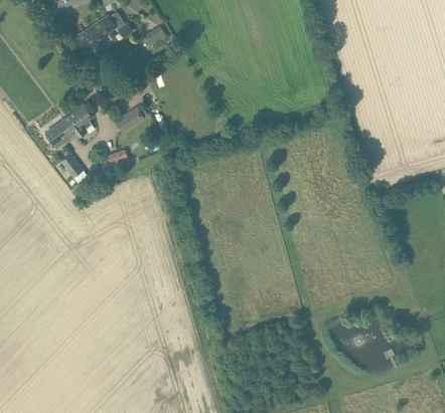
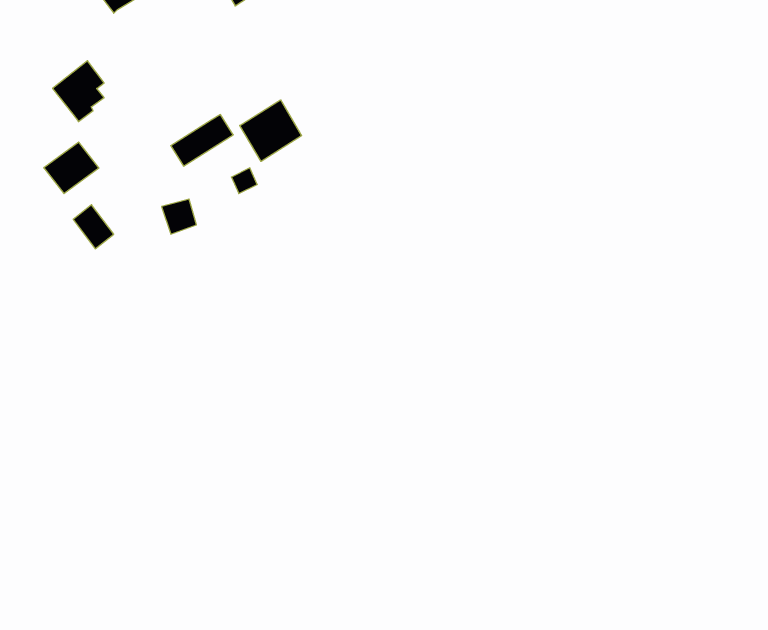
building: none -> [240,100,302,161]
building: [63,104,92,137] -> [53,61,104,122]

